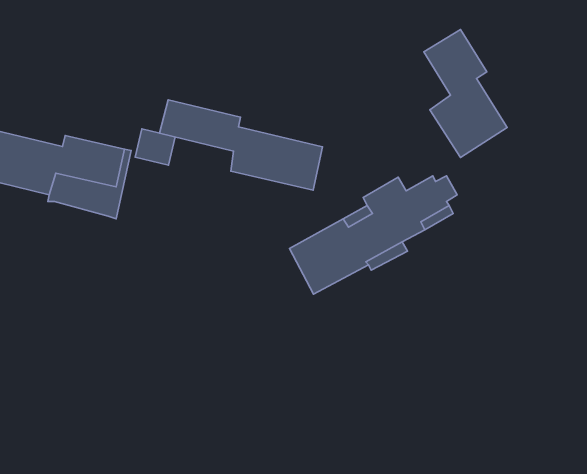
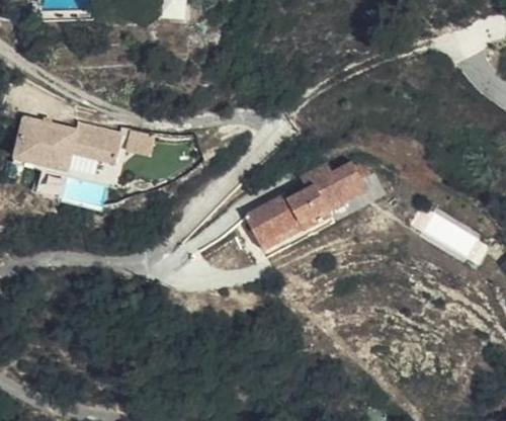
building: [424,29,507,158] -> none
building: [160,100,322,190] -> none

